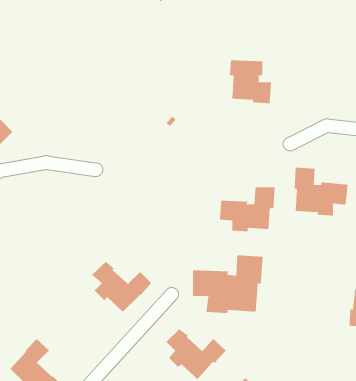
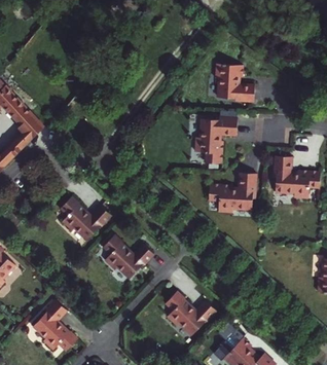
building: none -> [196,116,238,162]
building: none -> [61,196,112,241]
building: [192,255,263,314] -> none

